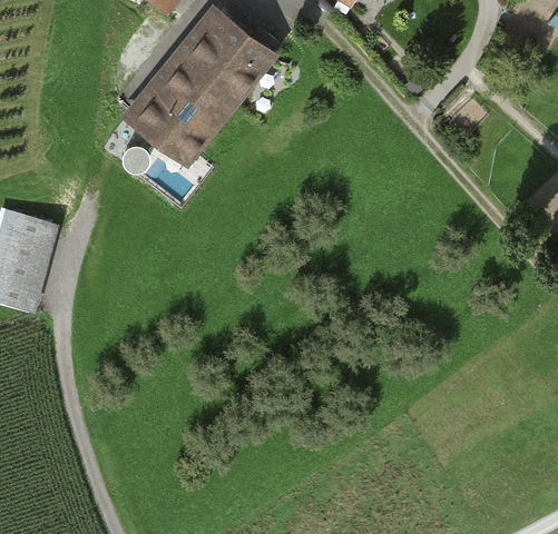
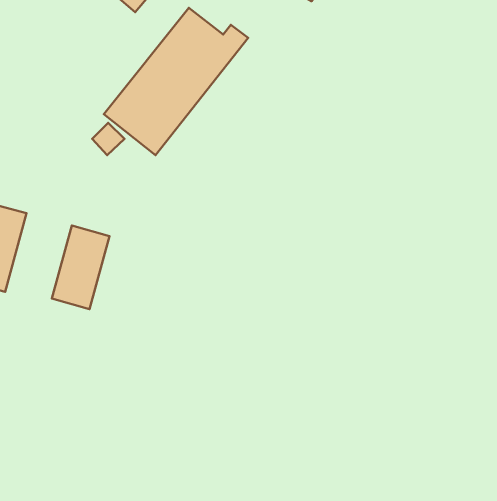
building: none -> [52,226,110,309]

